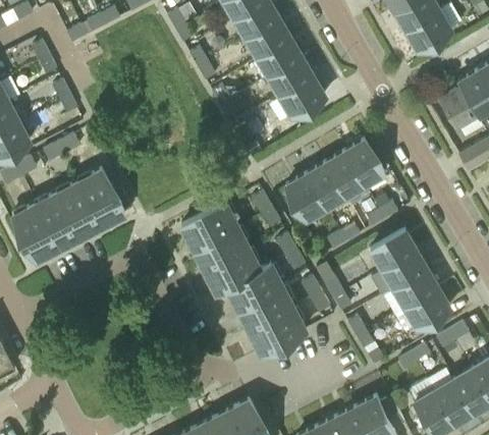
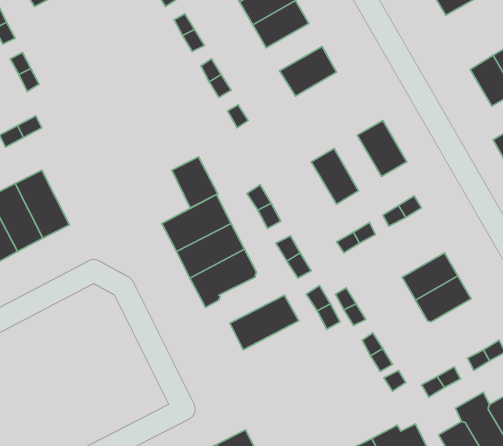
building: [267,58,314,98] -> none
building: [324,152,364,199] -> none
building: [78,169,126,227] -> none
building: none -> [172,157,218,208]
building: [283,174,326,222] -> none
building: [369,229,417,271] -> none
building: [227,261,282,310] -> none
building: [390,289,451,338] -> none
building: [248,308,307,357] -> none

